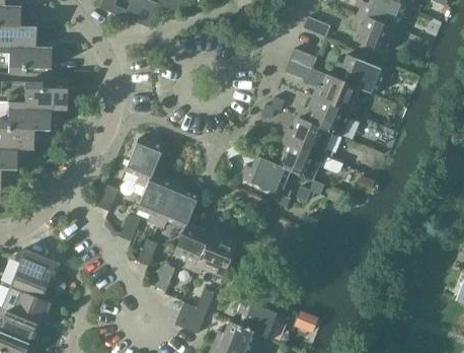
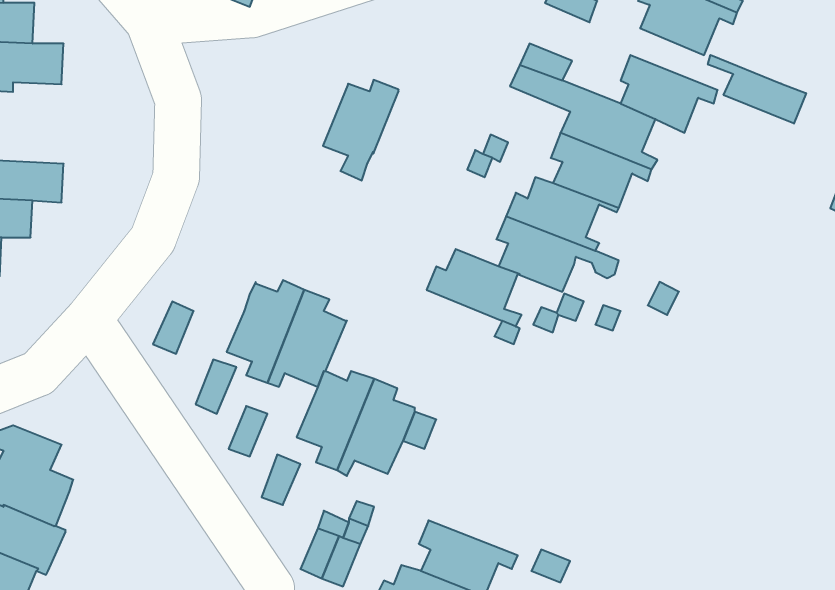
building: none -> [708,55,806,124]
building: [24,82,68,113] -> none
building: [126,136,165,189] -> [323,80,399,181]

